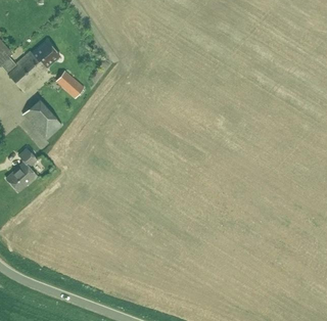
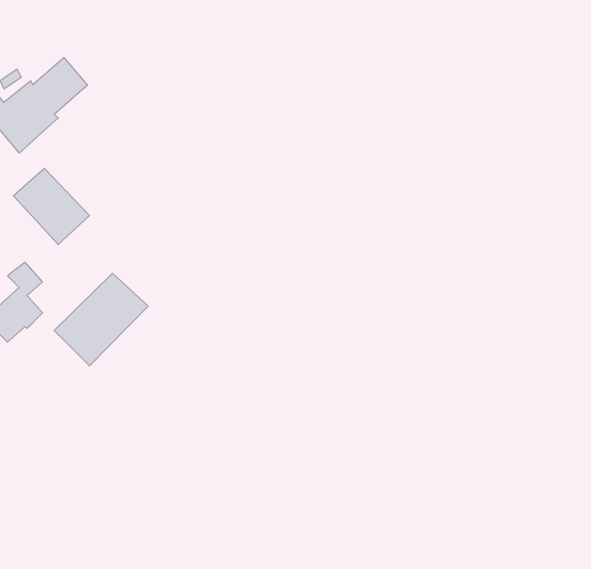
building: [54,71,84,98] -> none
building: none -> [54,273,148,366]

